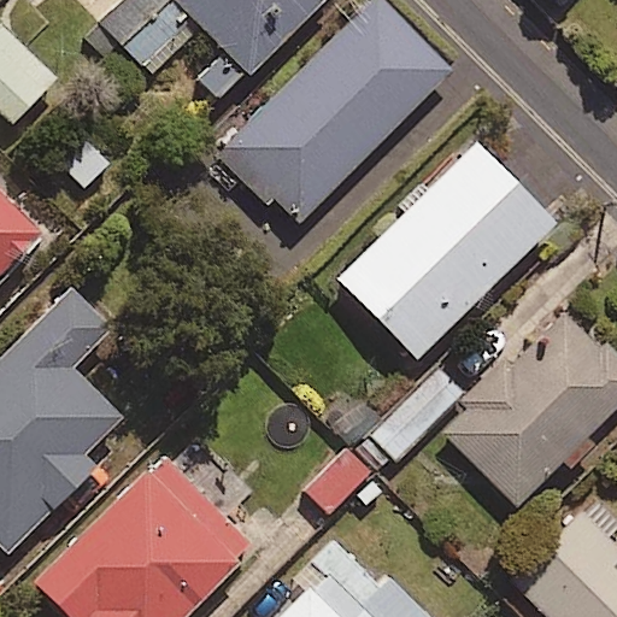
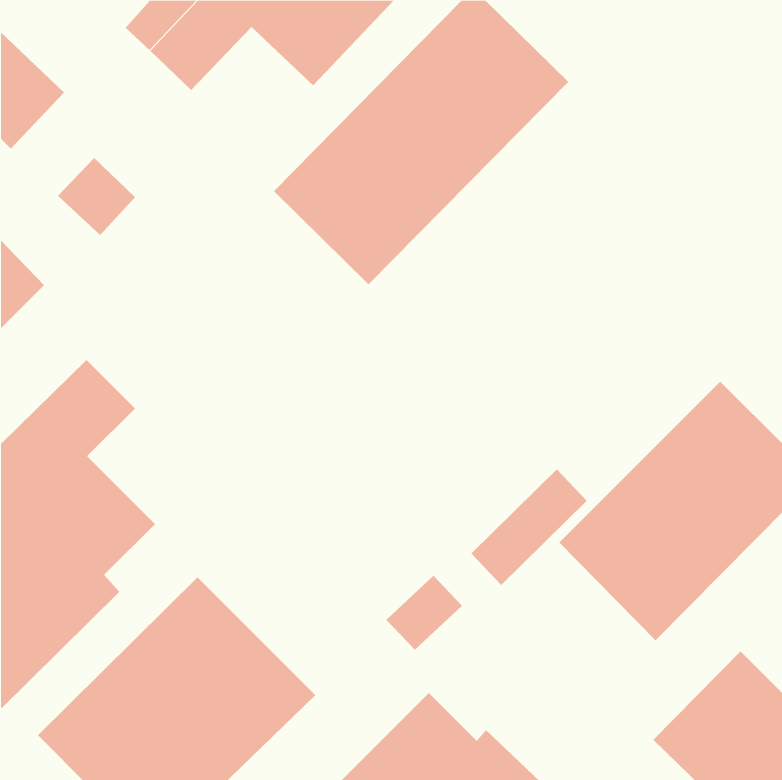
building: [336,140,554,357] -> none

